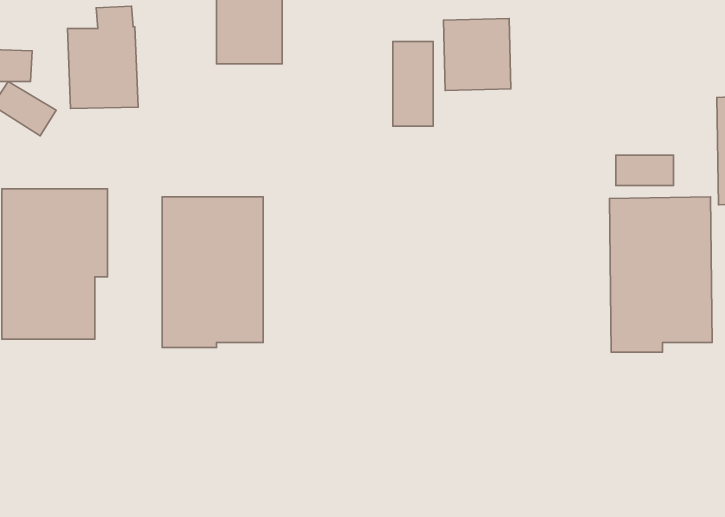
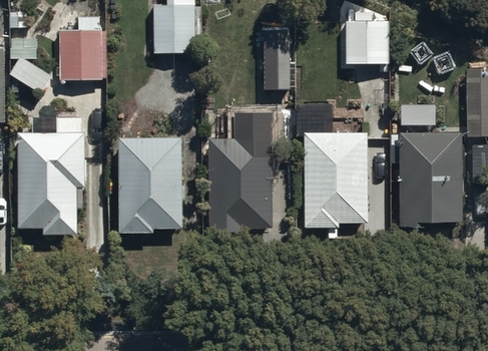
building: [443,18,511,91] -> [346,24,388,69]
building: none -> [303,131,367,224]
building: none -> [208,136,271,223]

